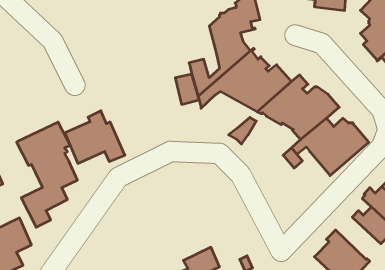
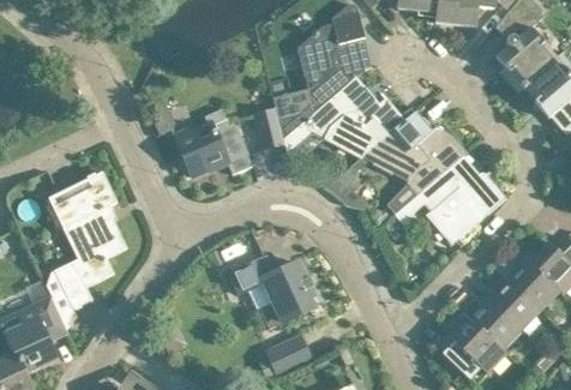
building: [65,111,125,163] -> [174,108,252,176]
building: none -> [228,256,313,329]
building: none -> [462,295,521,350]

